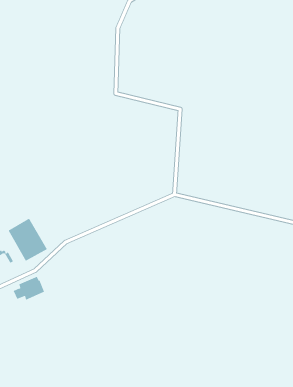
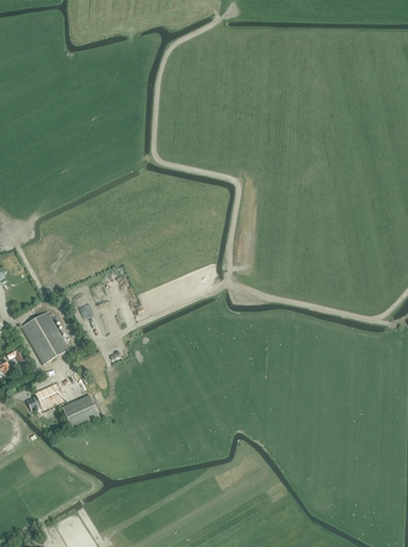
building: none -> [61,394,98,428]

